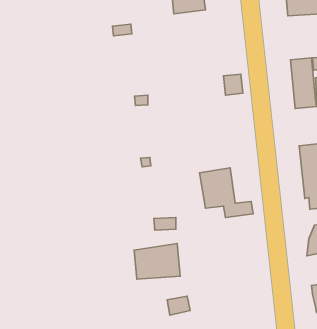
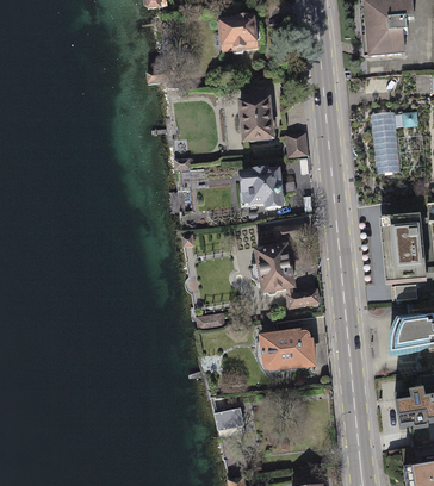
building: none -> [238,95,277,142]
building: none -> [240,169,285,211]
building: [134,244,180,279] -> [259,328,316,372]

